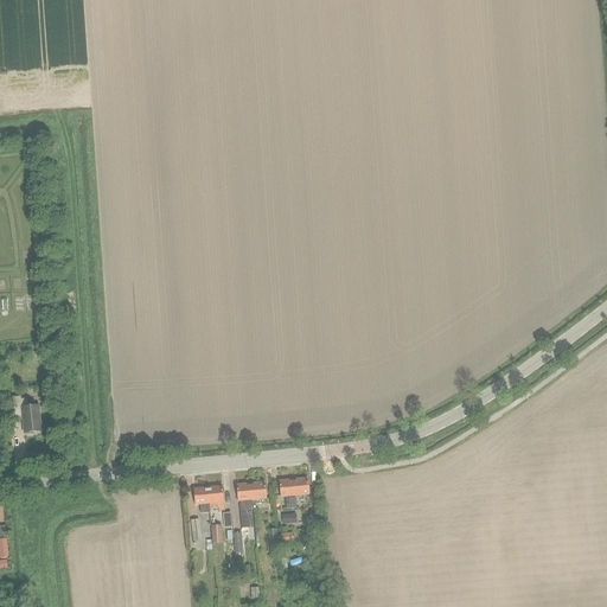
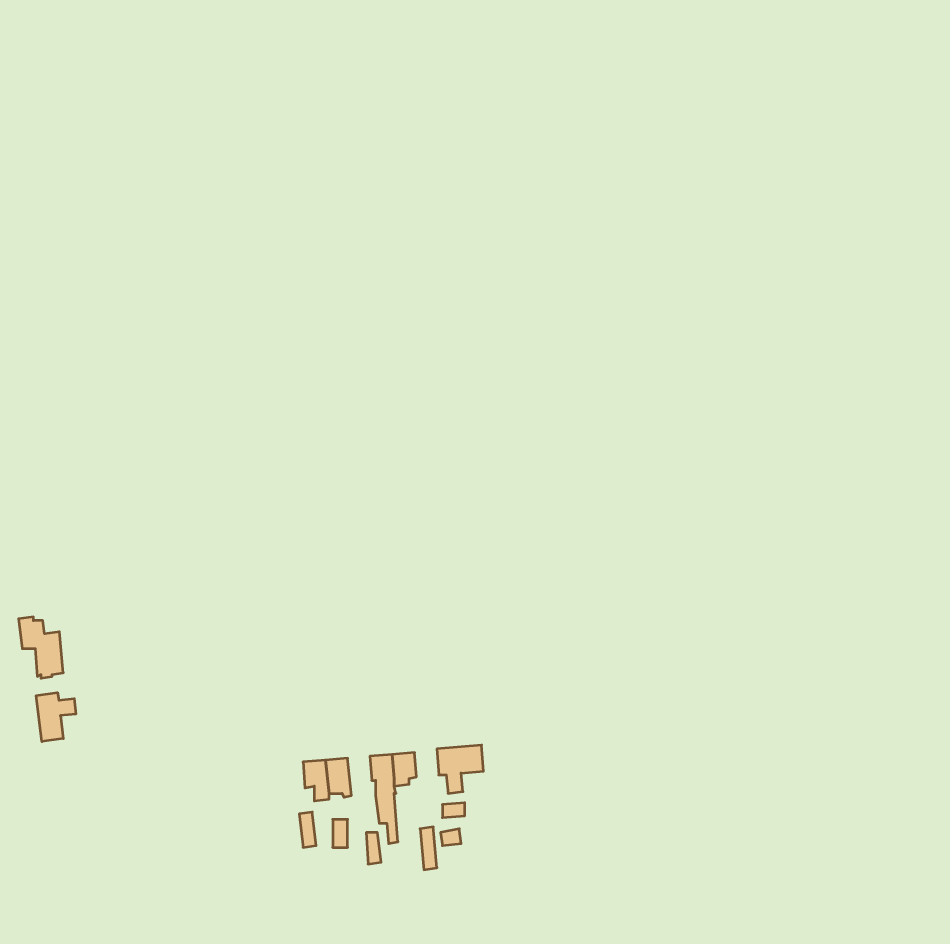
building: none -> [36,693,76,742]

